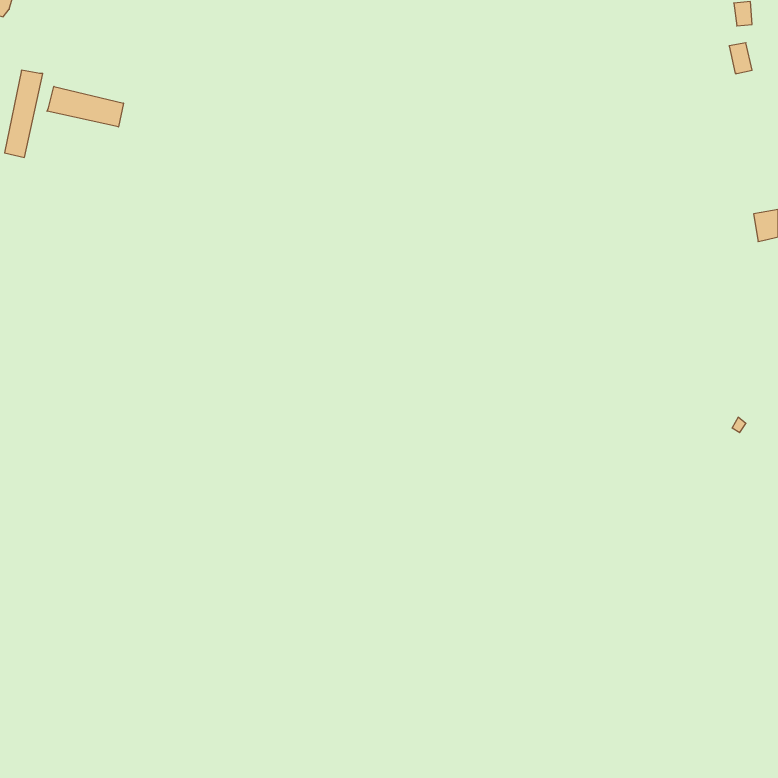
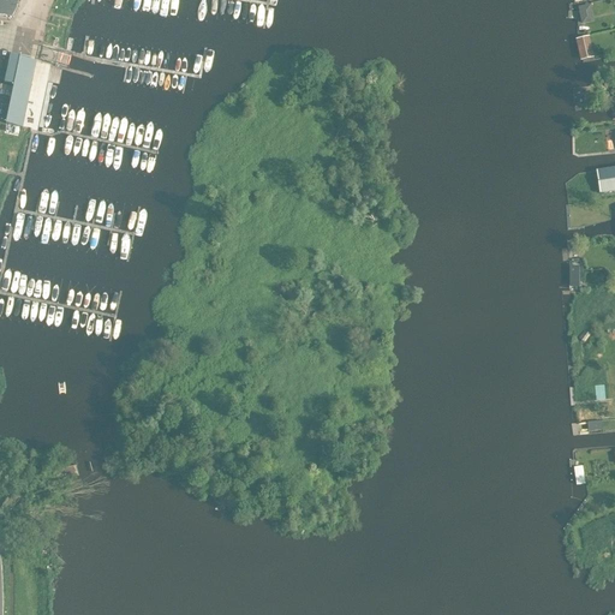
building: [47,86,123,127] -> none

